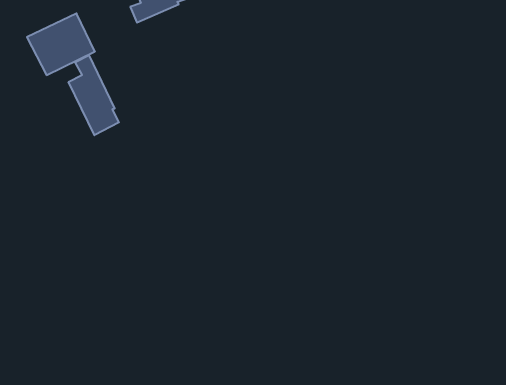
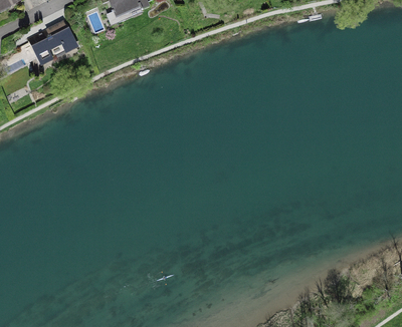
building: [69,55,119,135] -> none

